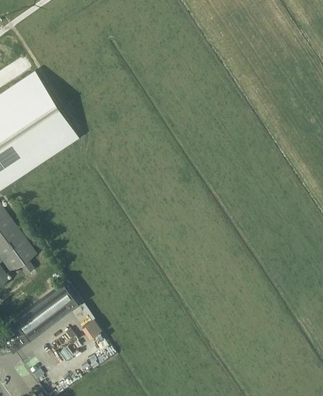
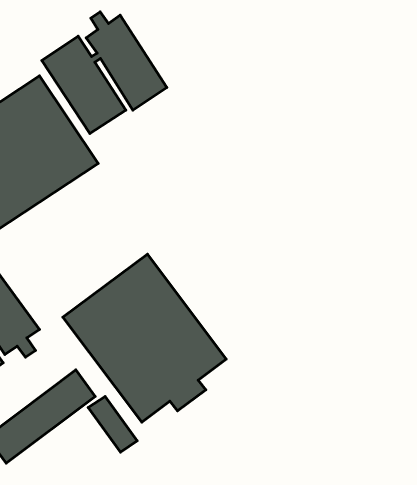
building: none -> [42,12,167,134]
building: none -> [63,254,226,422]

